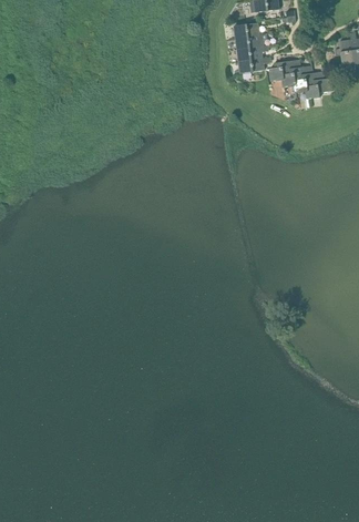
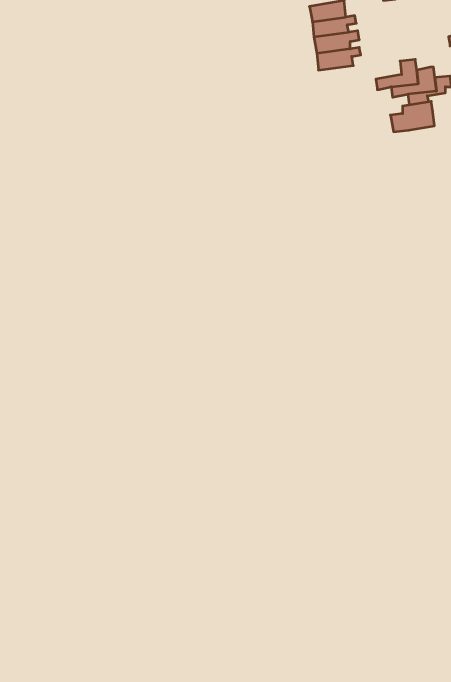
building: [267,59,299,81] -> [390,101,434,132]

